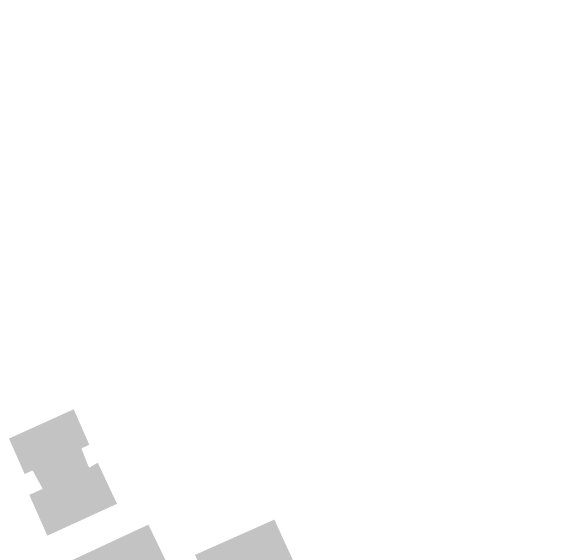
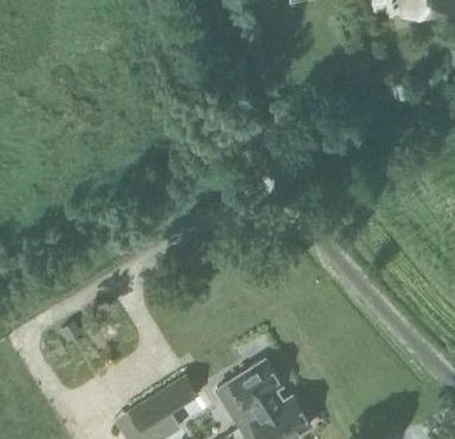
building: [8,408,118,537] -> none

